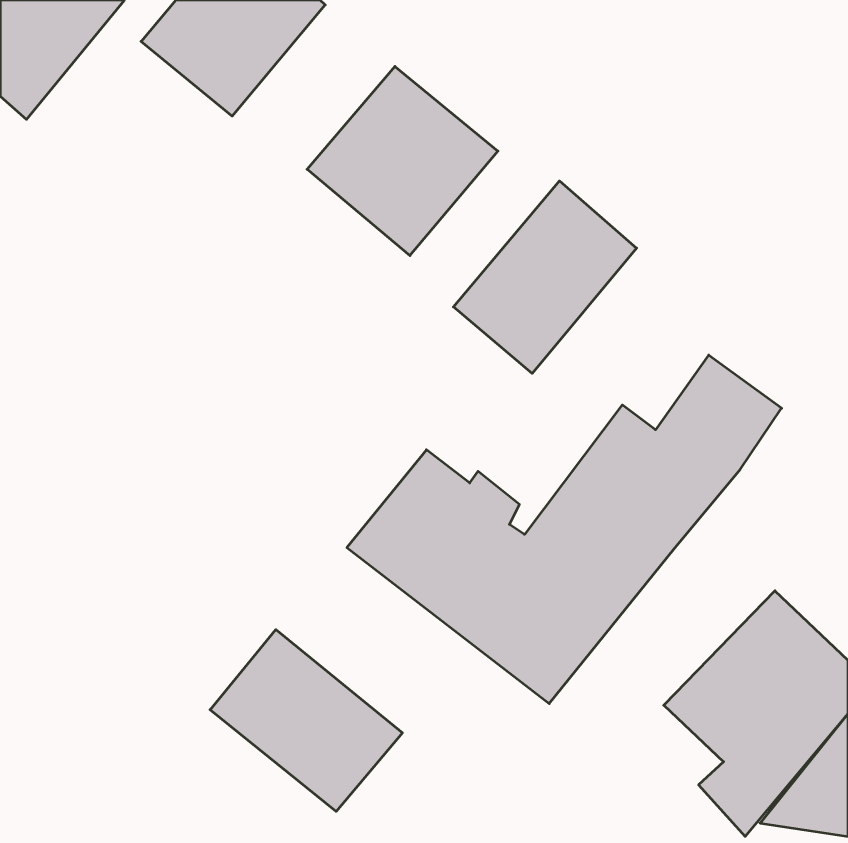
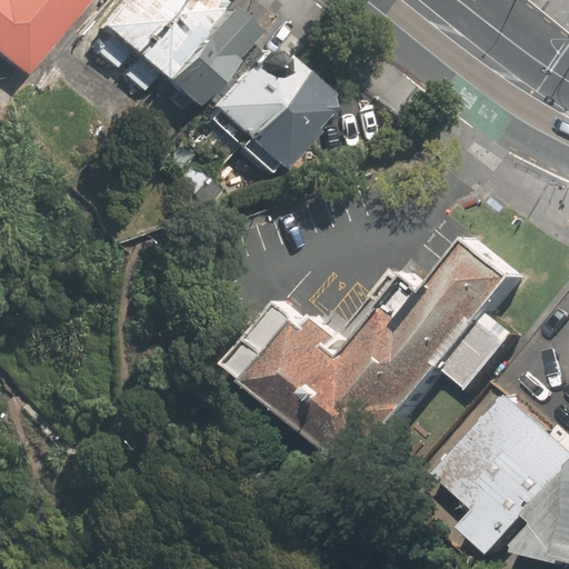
building: none -> [156,10,253,110]
building: [453,181,637,373] -> none
building: [210,630,402,811] -> none

